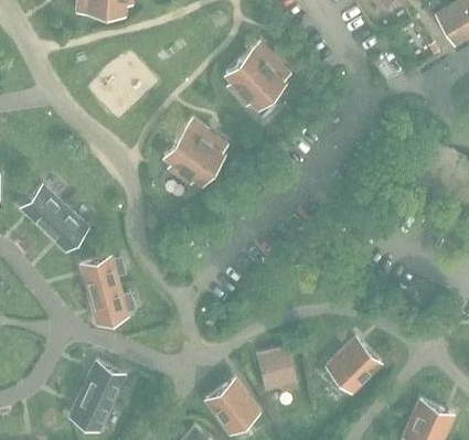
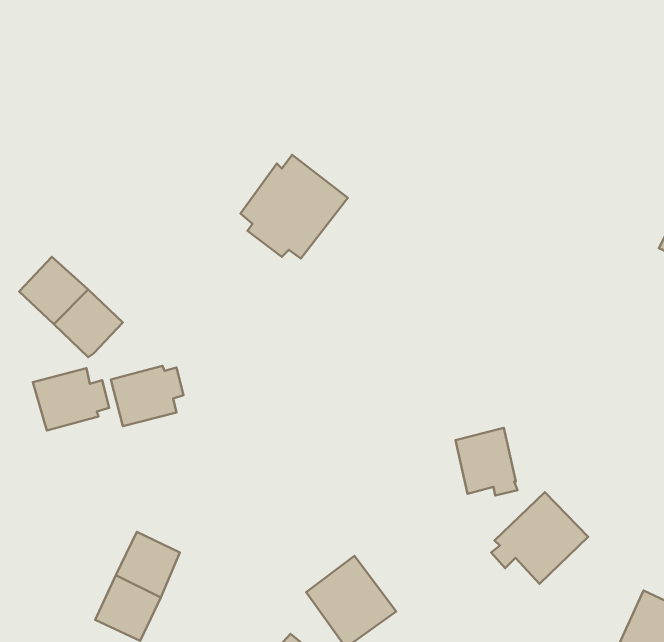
building: [225,41,291,110] -> none
building: [88,286,137,325] -> [33,368,109,430]
building: [258,348,298,391] -> [455,428,518,495]

